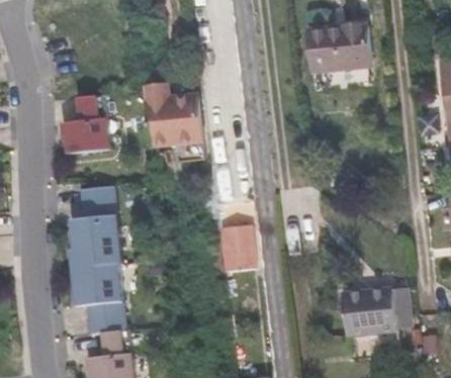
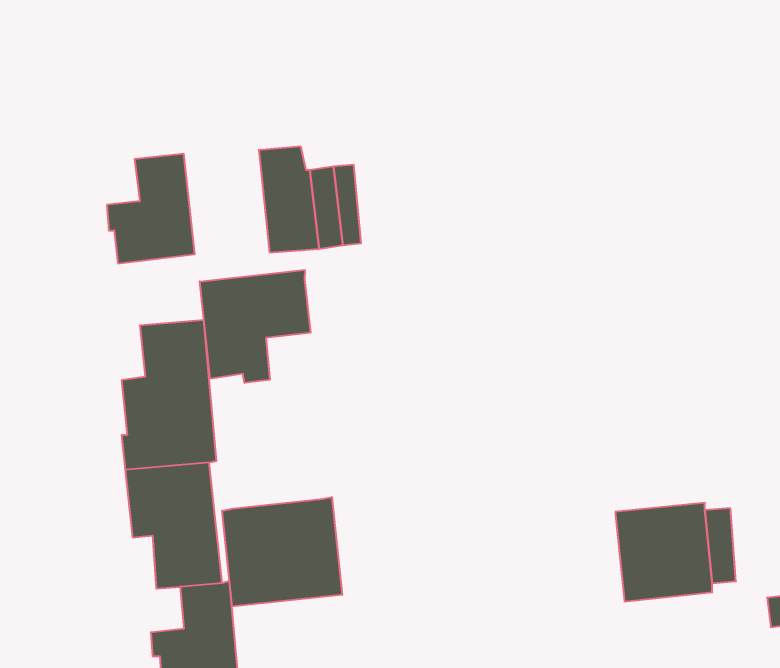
building: [307,22,373,90] -> none
building: none -> [200,270,311,383]
building: [219,226,256,273] -> none
building: none -> [222,497,342,607]

